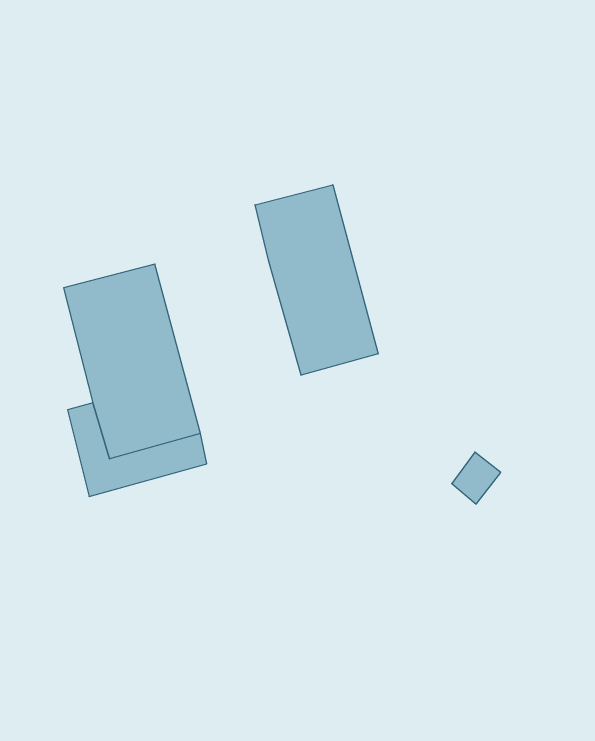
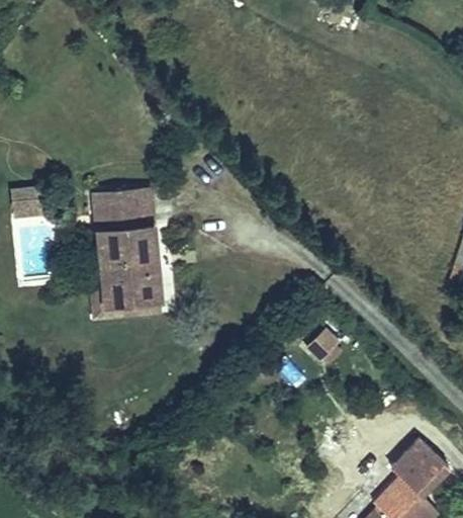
building: [255,185,378,375] -> none

